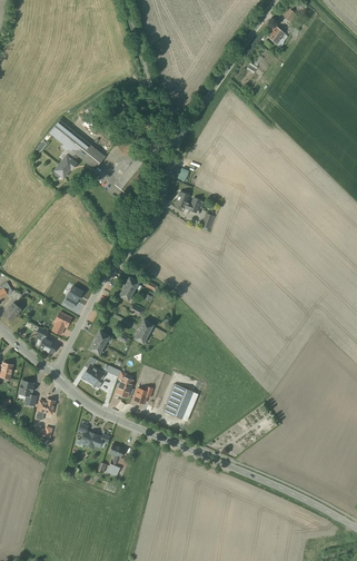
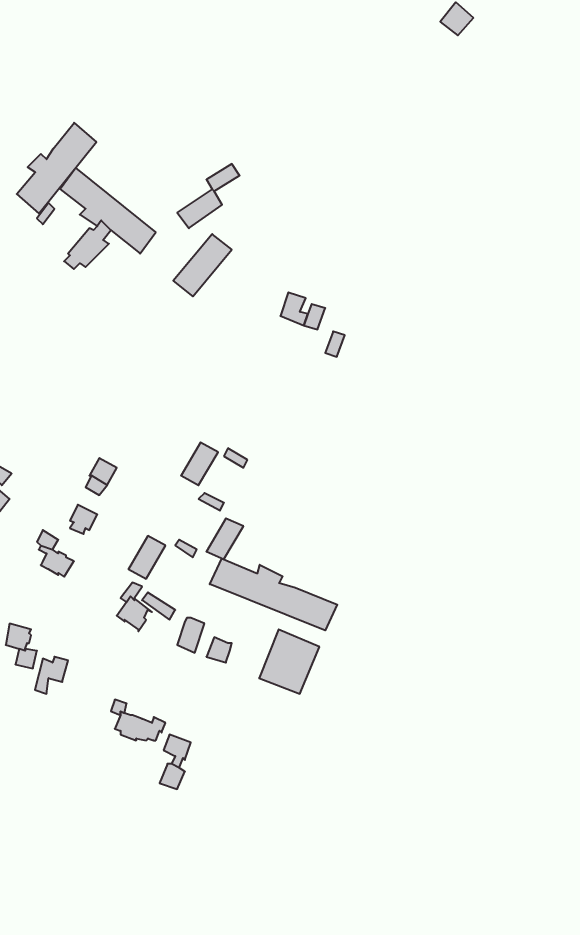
building: none -> [17,123,96,213]
building: none -> [210,558,337,630]

